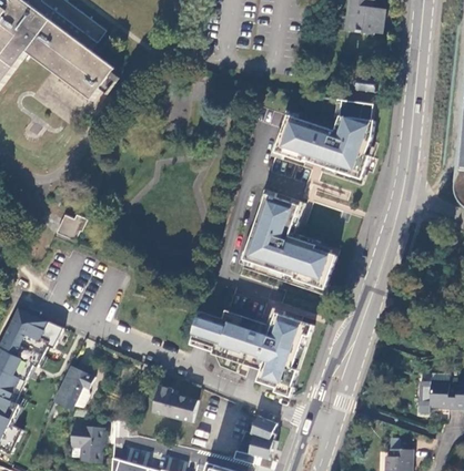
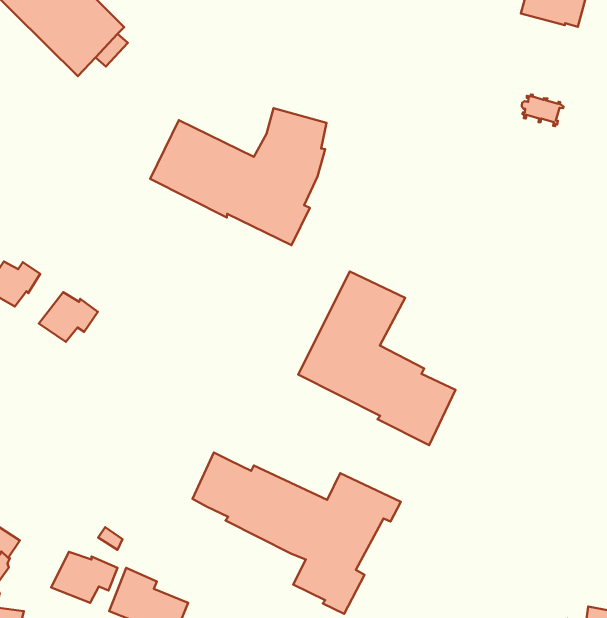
building: [274,99,374,177] -> [150,108,327,245]
building: none -> [39,292,98,342]
building: none -> [51,552,118,603]

